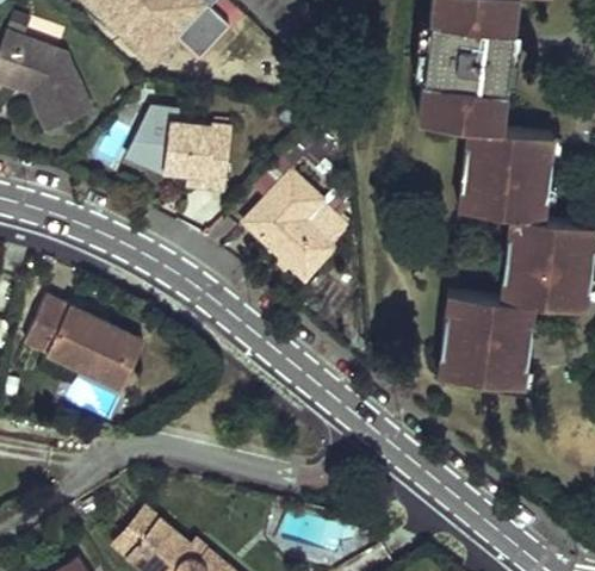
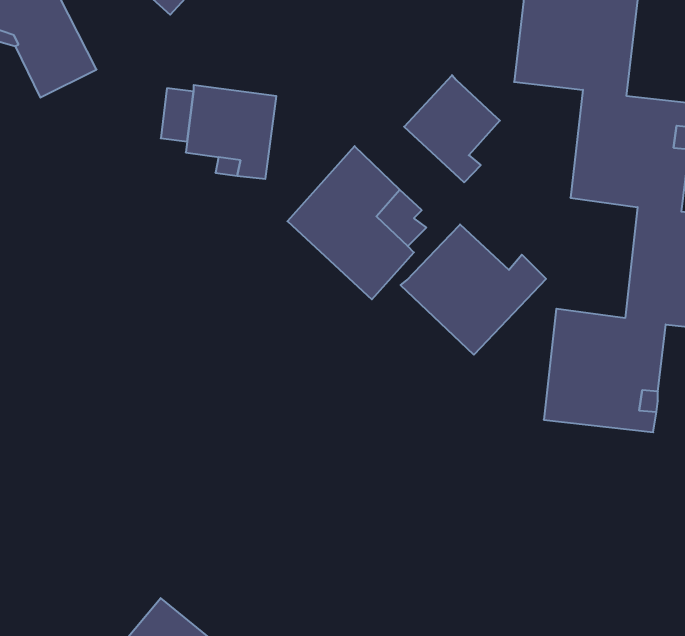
building: none -> [404,75,500,182]
building: none -> [401,224,546,355]
building: [27,293,145,385] -> none

